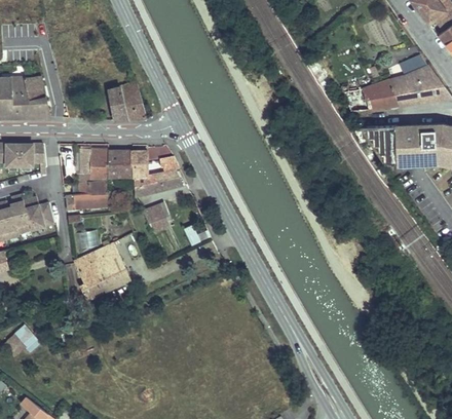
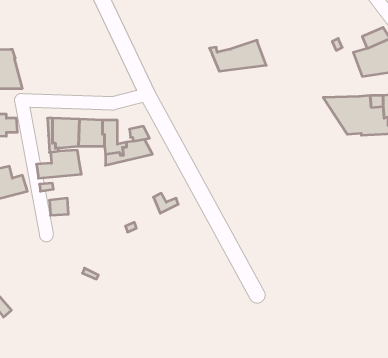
building: [340,79,399,111] -> [209,40,266,71]
building: [108,82,145,120] -> none
building: [145,202,167,232] -> none
building: [74,242,128,298] -> none

